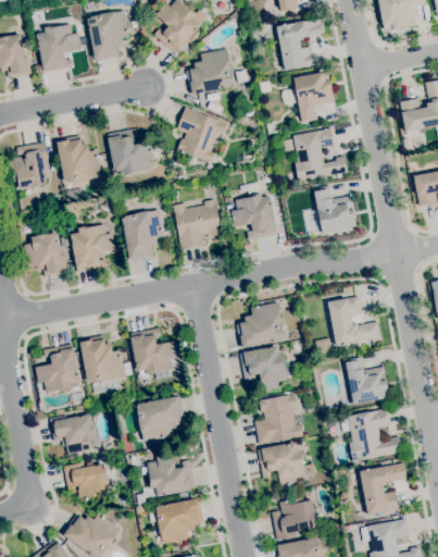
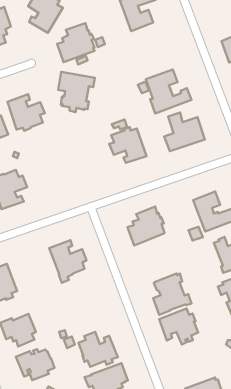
building: [283,71,335,122] -> none
building: [173,199,223,249] -> none
building: [122,210,164,260] -> none
building: [79,335,125,383] -> none
building: [240,346,287,391] -> none
building: [137,396,185,442] -> none
building: [272,497,316,540] -> none

